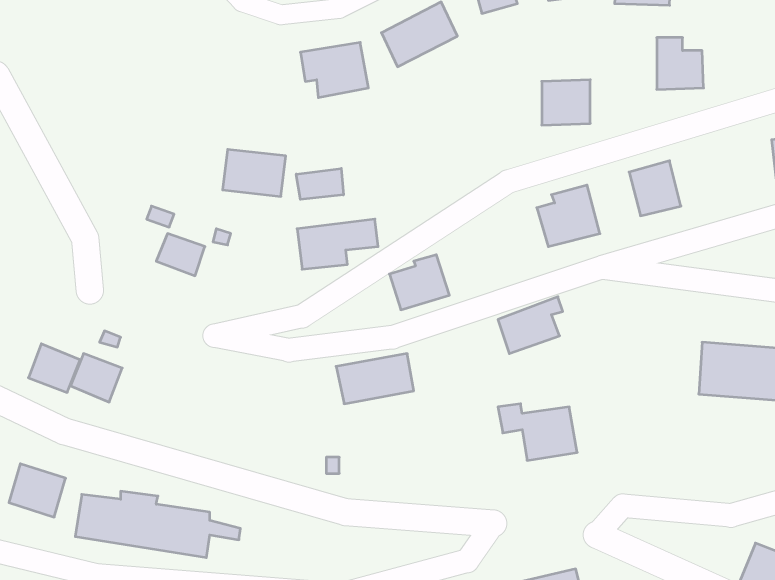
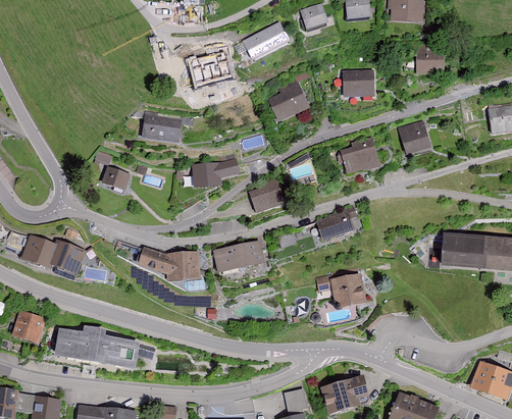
building: none -> [268,76,310,120]
building: [296,168,343,199] -> none
building: none -> [138,247,200,280]

